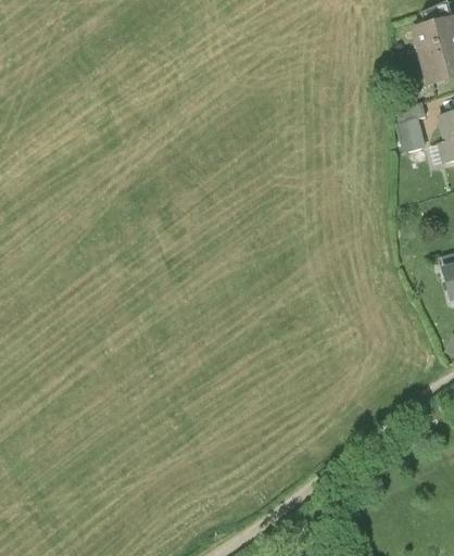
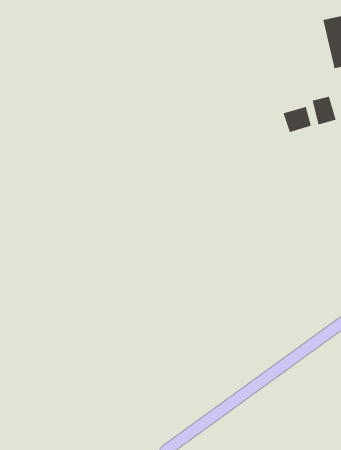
building: none -> [283,106,312,133]

